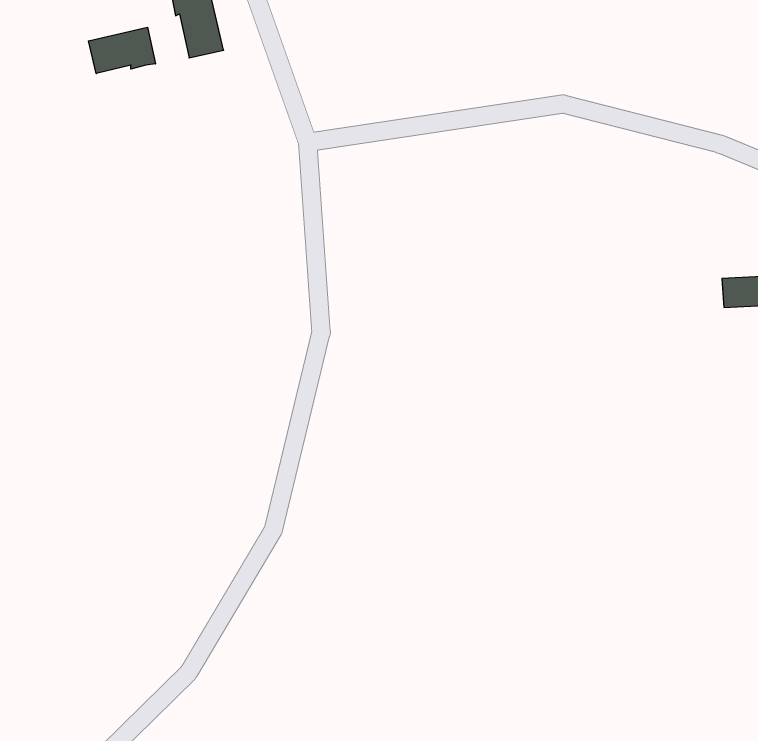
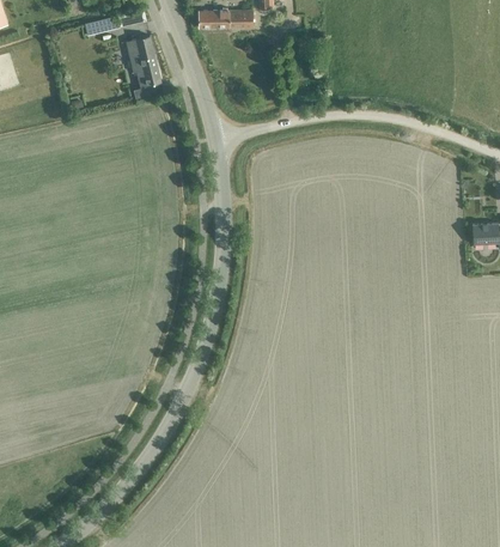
building: [88,27,155,74] -> none

